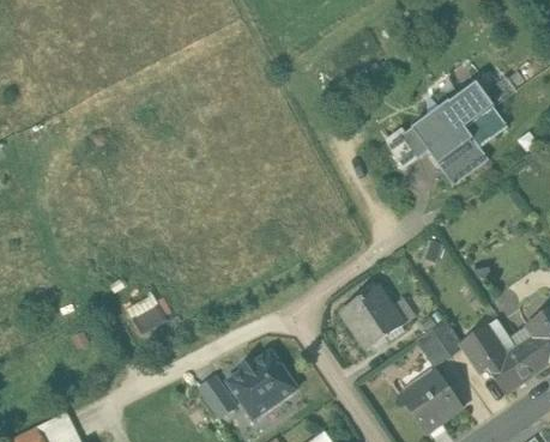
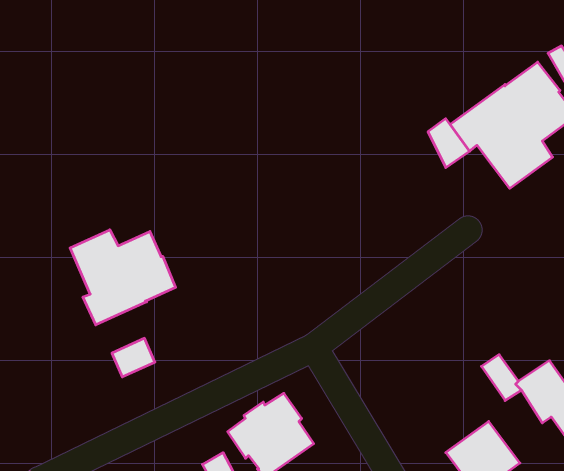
building: none -> [70,230,176,325]
building: [340,284,403,346] -> none
building: [413,327,449,367] -> none

